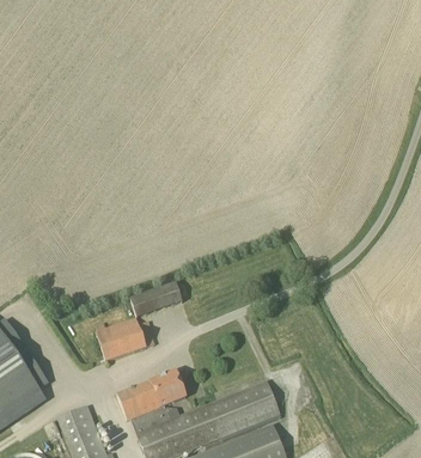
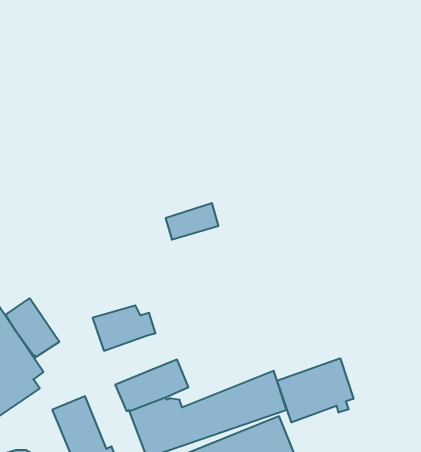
building: [130,283,181,318] -> [166,203,218,240]
building: none -> [5,298,59,357]
building: none -> [277,358,353,422]

